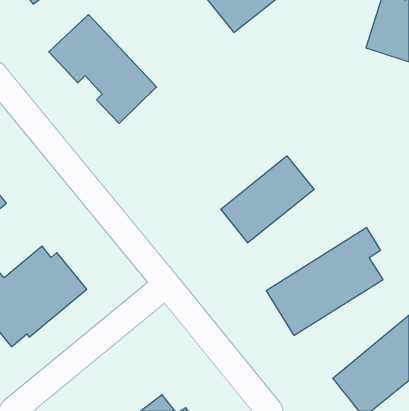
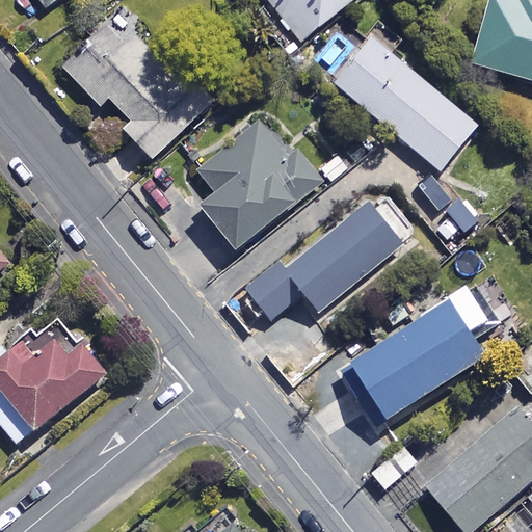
building: none -> [324,25,477,171]
building: none -> [196,117,323,251]
building: none -> [243,262,299,319]

